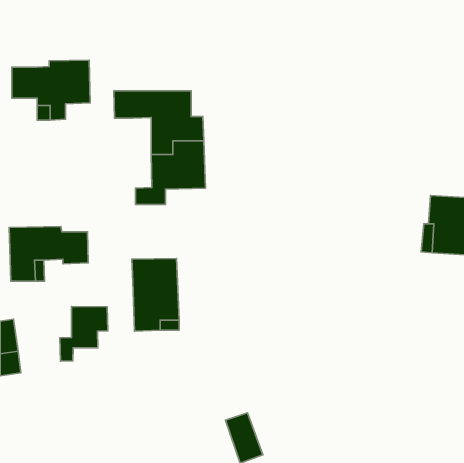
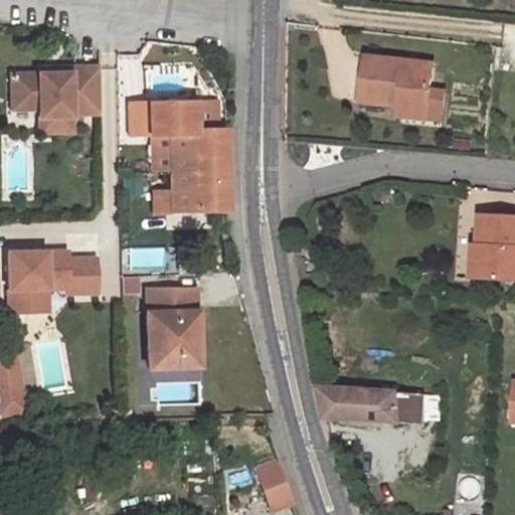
building: none -> [365,56,437,117]
building: none -> [148,130,168,170]
building: [60,306,108,361] -> none
building: none -> [320,385,424,426]

